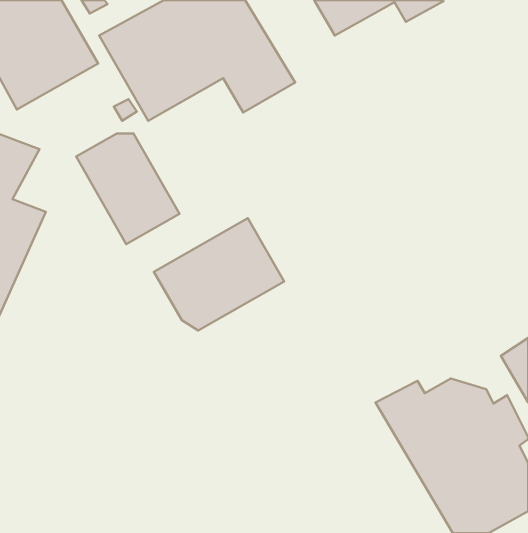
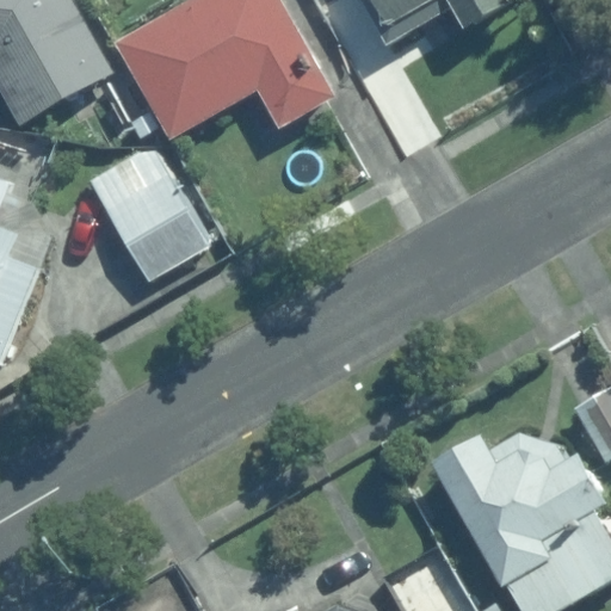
building: [154,218,284,331] -> none

